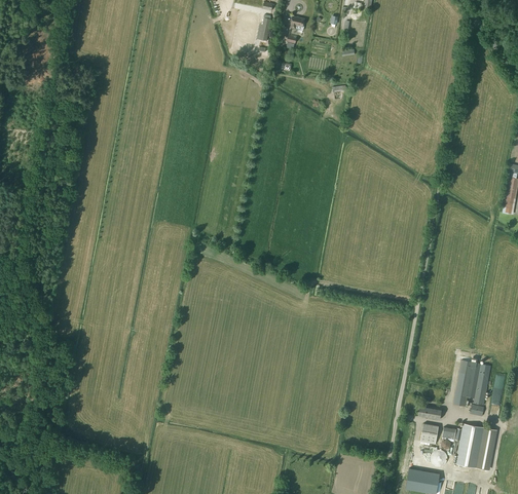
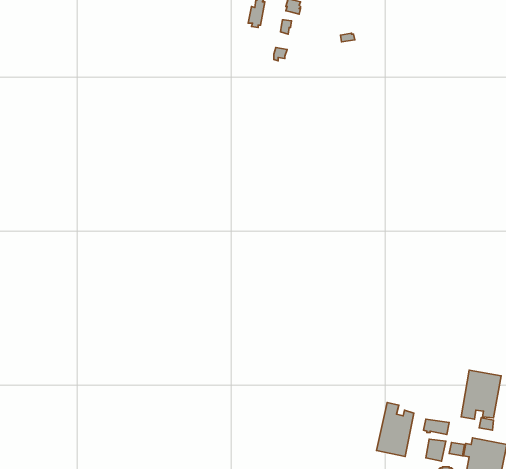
building: none -> [377,403,414,457]

